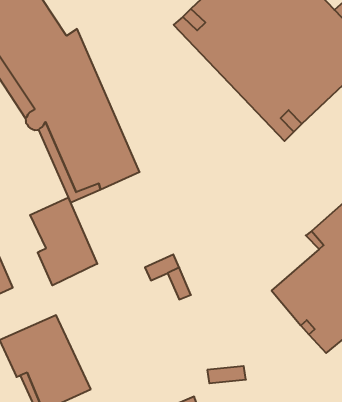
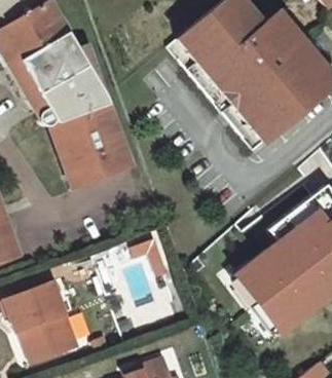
building: [30,198,97,285] -> none

